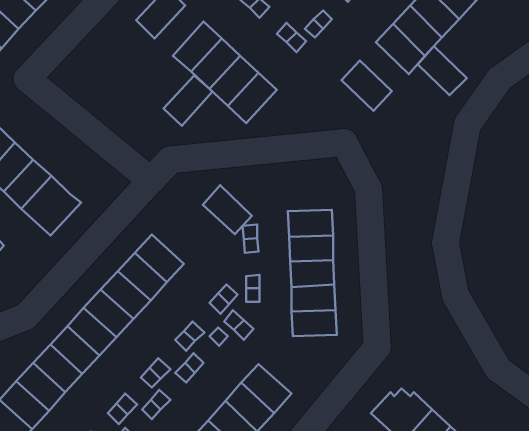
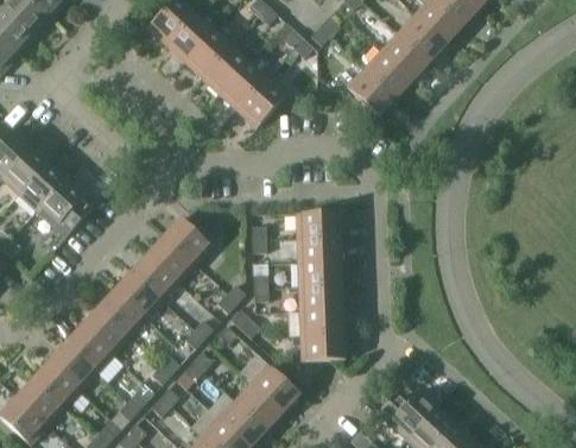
building: [418,46,467,95] -> [365,49,412,96]
building: [163,76,212,126] -> [165,13,213,62]
building: [203,185,252,234] -> [163,216,210,264]
building: none -> [299,333,342,359]

